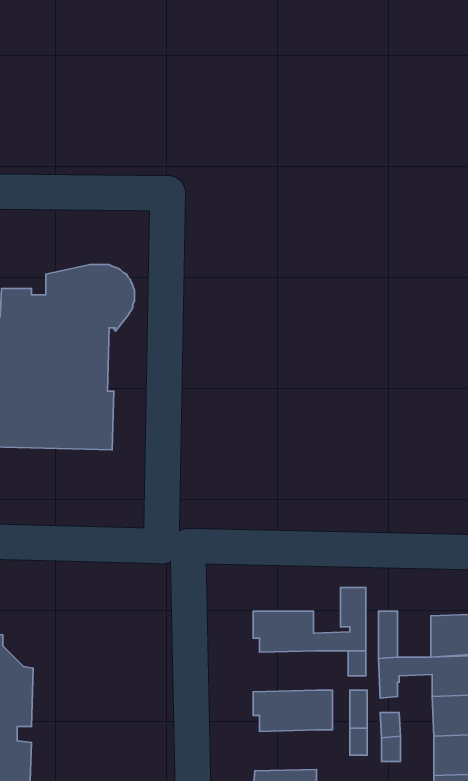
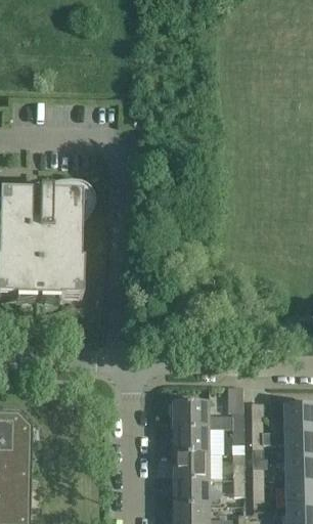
building: none -> [172,427,213,453]
building: none -> [173,478,213,505]

